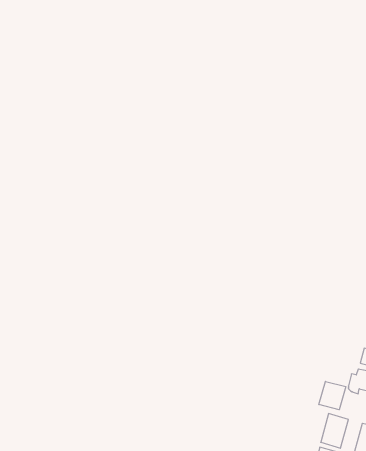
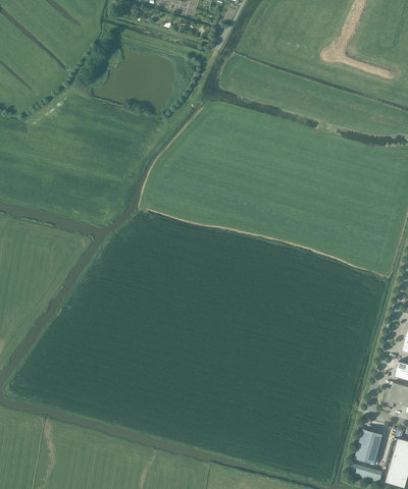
building: [319,381,346,410] -> none

